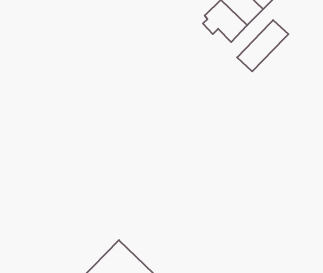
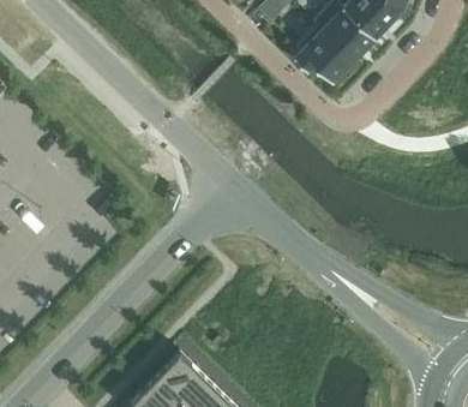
building: [237,20,288,71] -> none

